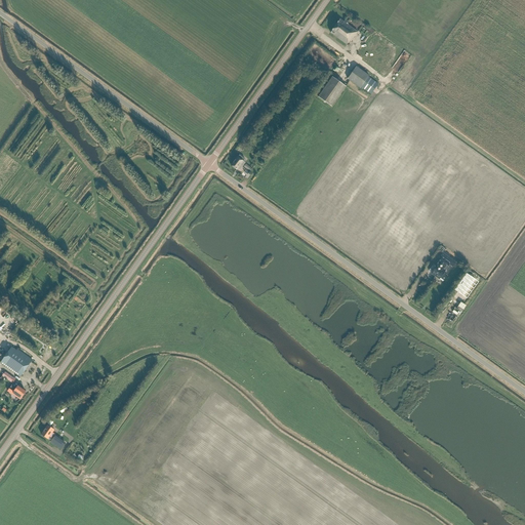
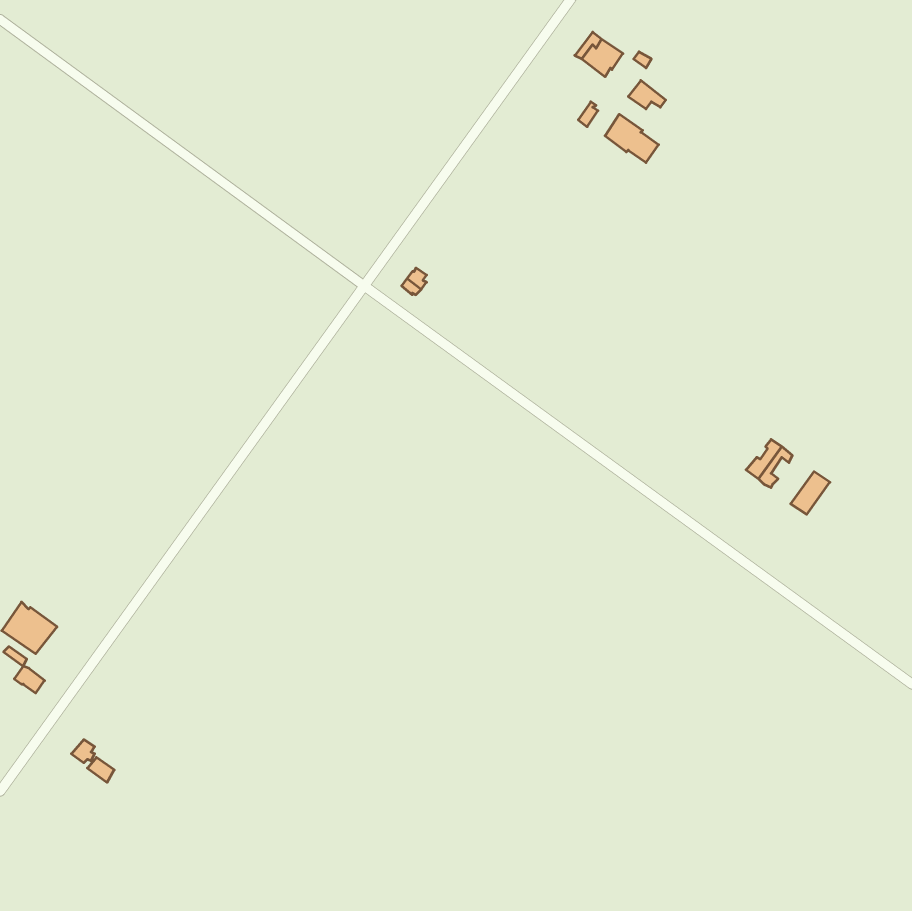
building: [318,76,346,106] -> none

